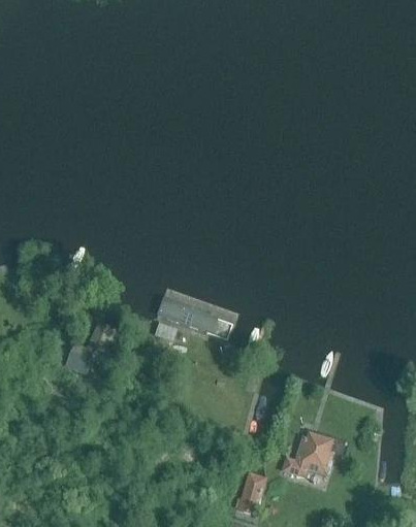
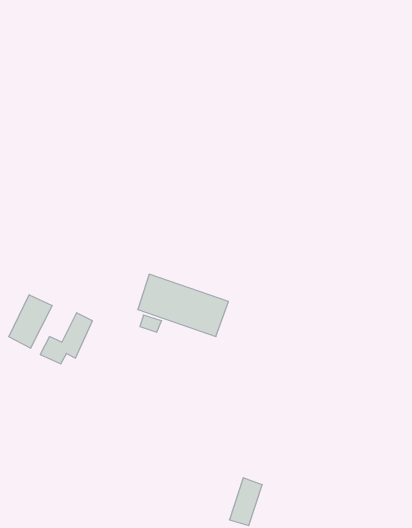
building: none -> [9,295,52,348]
building: [281,437,330,479] -> none

